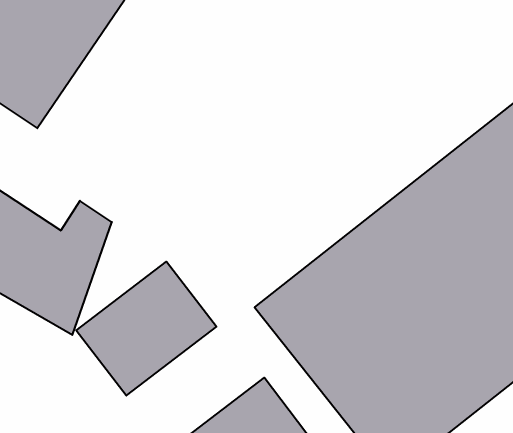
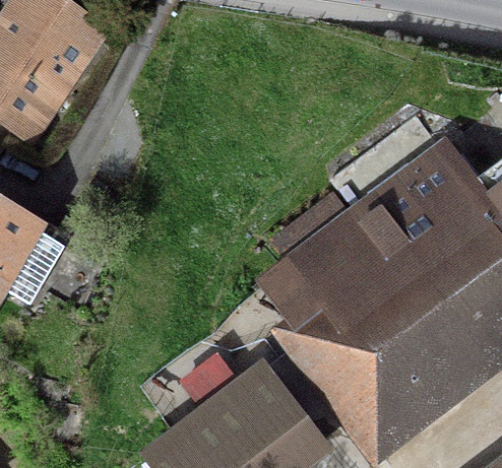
building: [76,262,216,396] -> none

